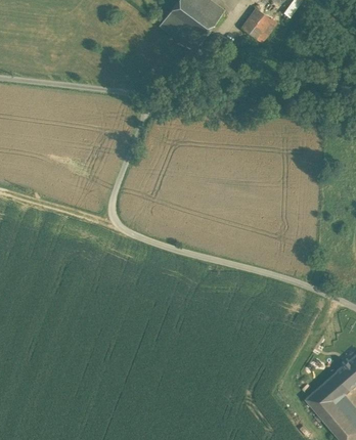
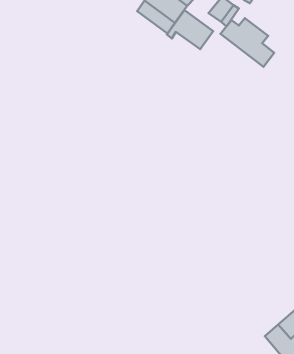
building: none -> [167,10,213,49]
building: none -> [221,18,274,67]

